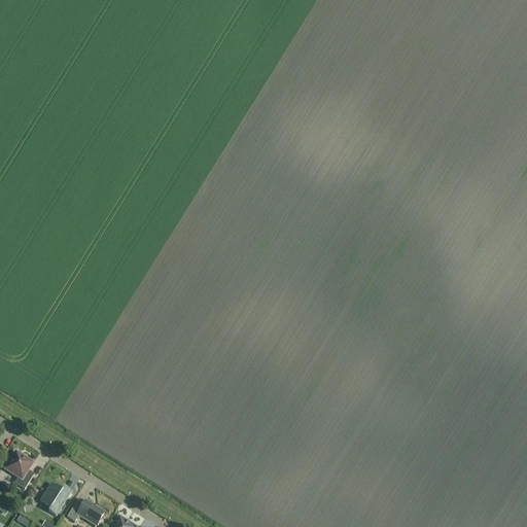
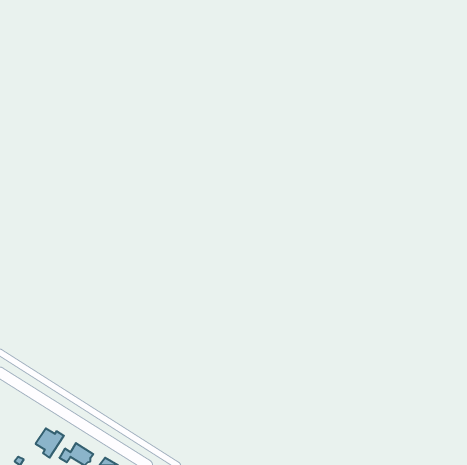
building: [4,450,34,489] -> none

